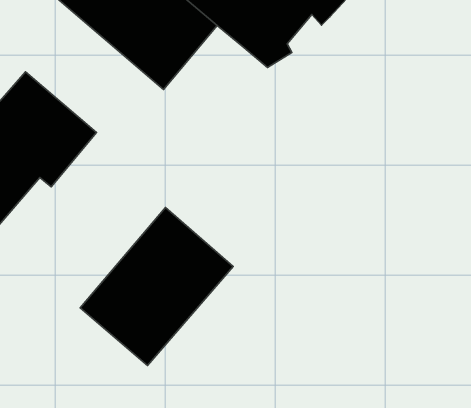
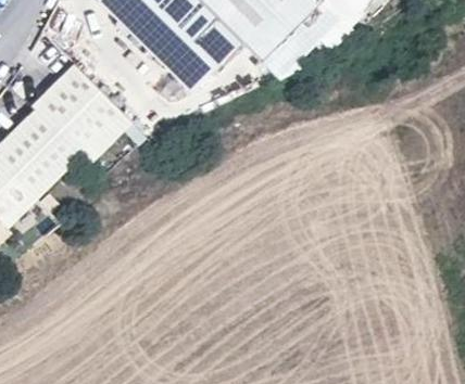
building: [80,208,233,365] -> none

